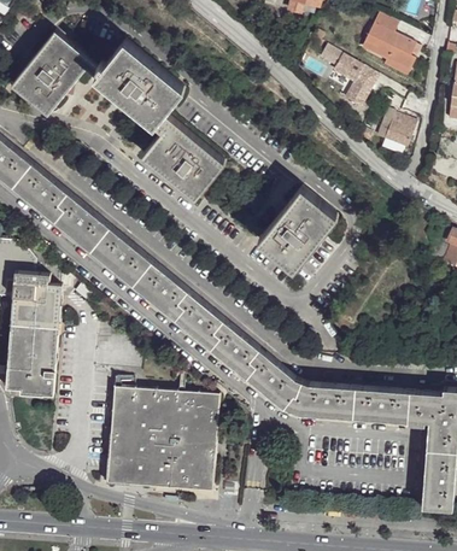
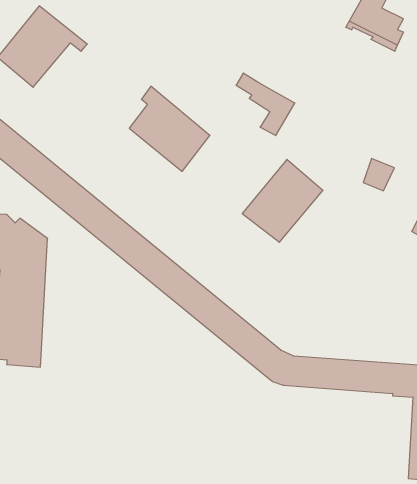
building: [94,42,182,128] -> none
building: [322,47,381,110] -> [236,73,295,136]
building: [386,116,417,148] -> [363,158,394,191]
building: [107,388,218,491] -> none

